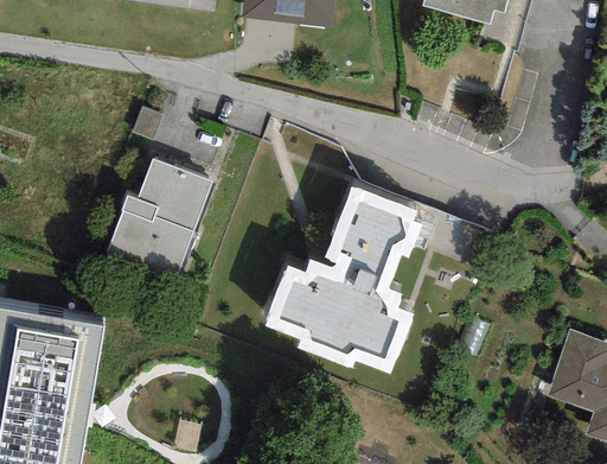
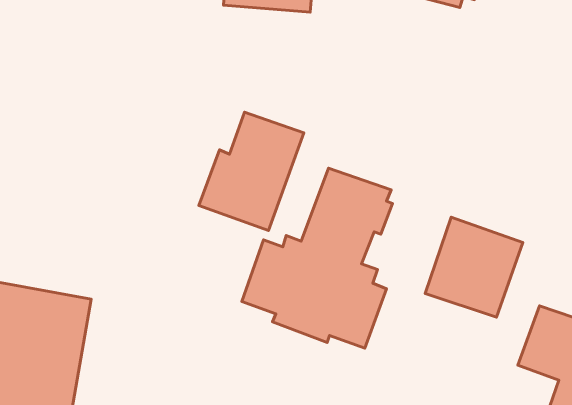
building: [104,155,213,279] -> [199,112,304,231]
building: none -> [425,217,523,317]

